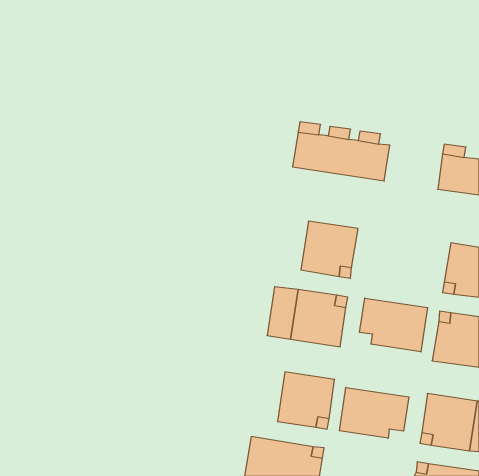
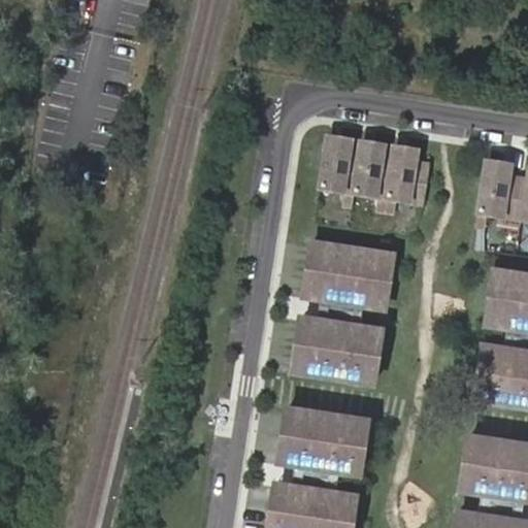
building: none -> [305,239,339,297]
building: [359,298,428,352] -> none
building: none -> [280,405,314,464]
building: [339,387,409,438] -> none

